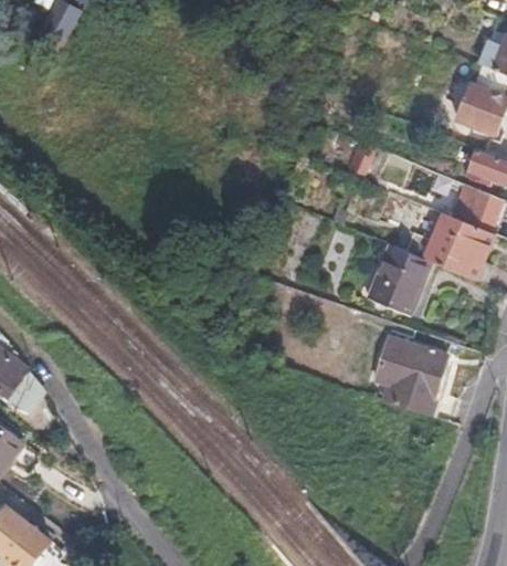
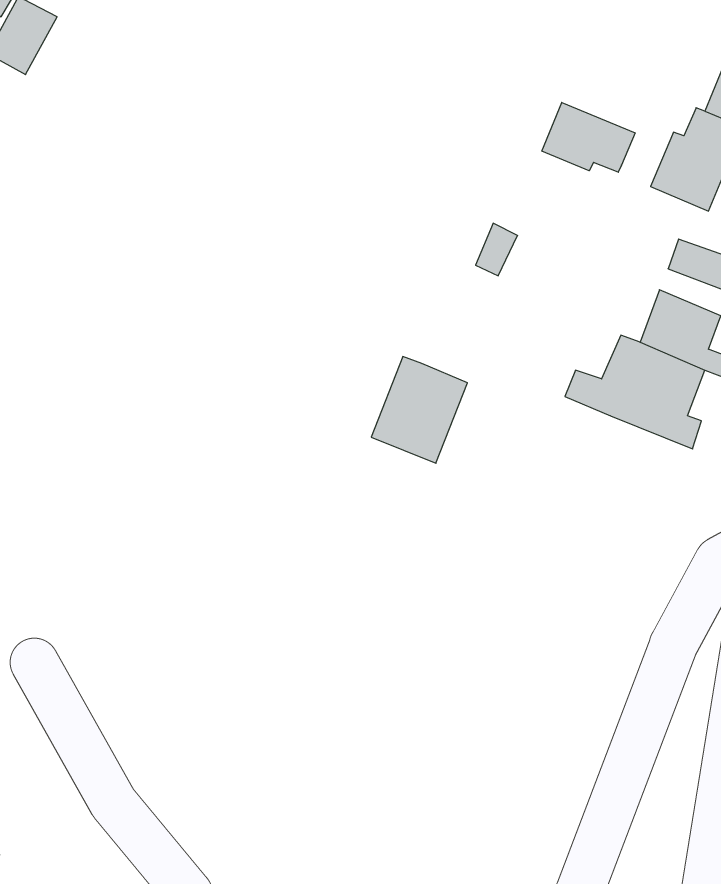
building: none -> [542,102,635,172]
building: [372,247,433,314] -> [371,357,467,463]
building: [376,345,446,415] -> none

